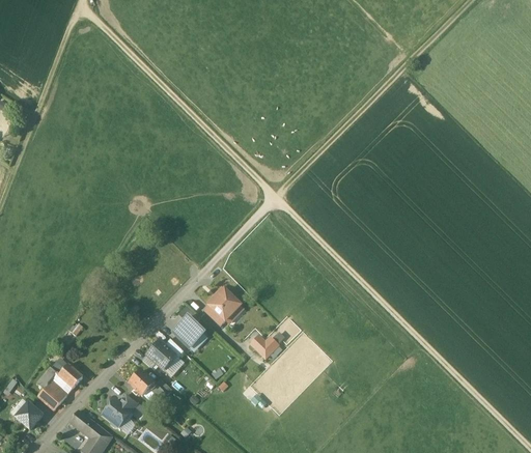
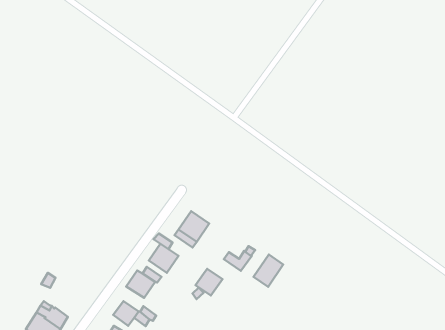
building: none -> [254,254,283,287]
building: none -> [195,269,222,296]

